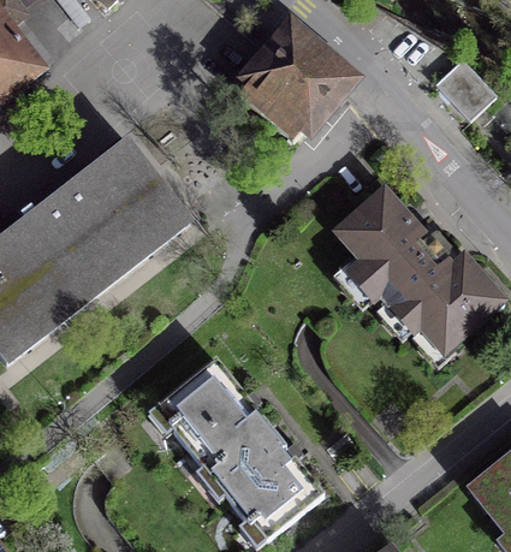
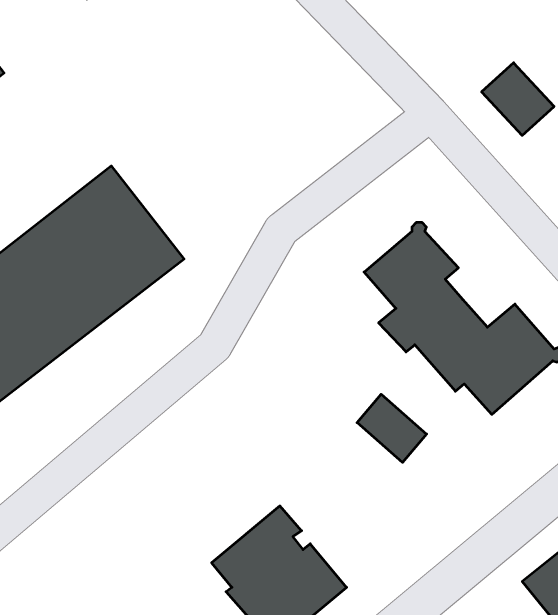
building: [240,30,350,140] -> none
building: none -> [357,394,427,462]
building: [160,358,269,474] -> none

